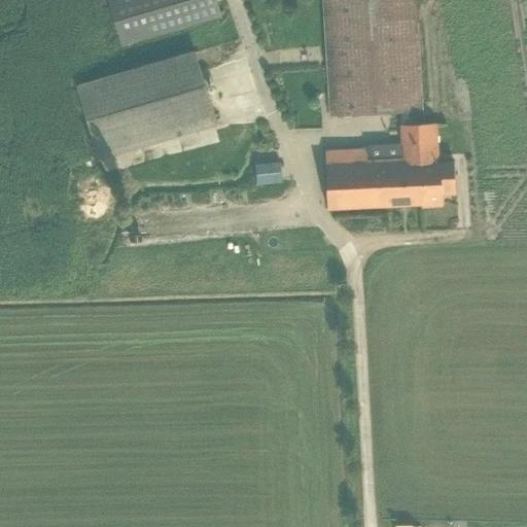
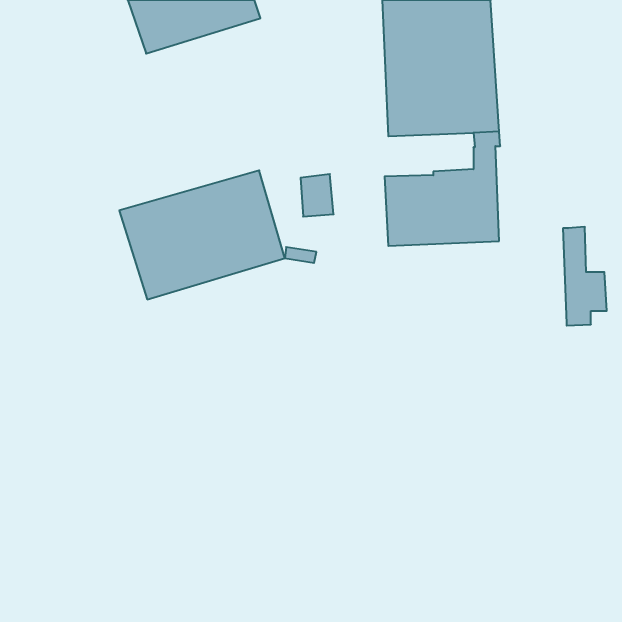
building: [76,50,216,160] -> [119,170,285,299]
building: [419,122,456,206] -> [563,227,607,326]

